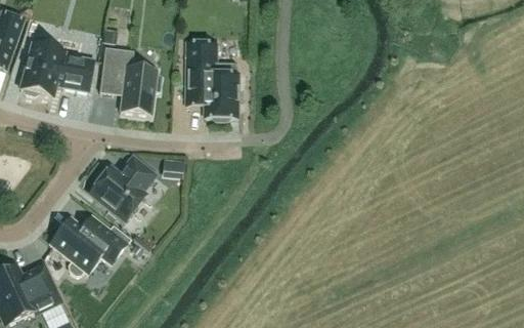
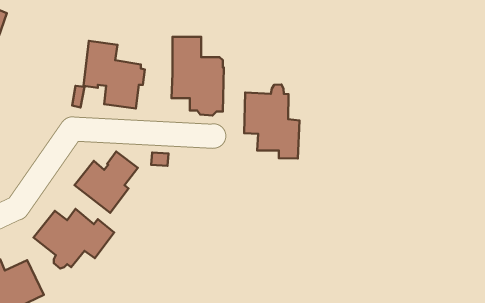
building: [19,35,93,95] -> none
building: none -> [244,85,299,158]

